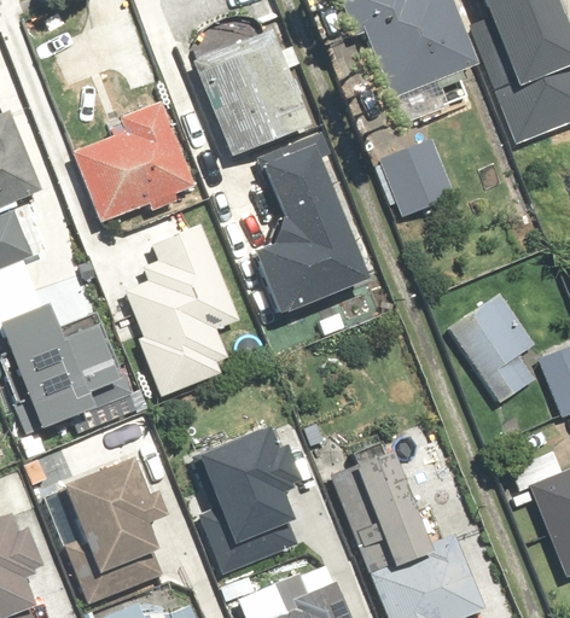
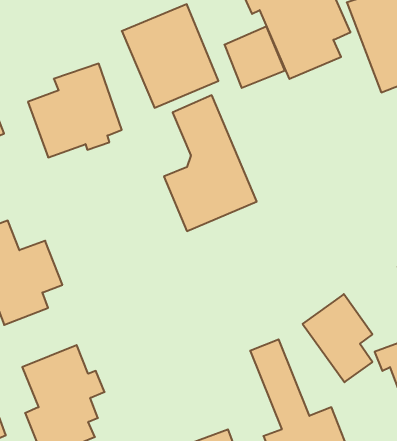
building: [378,139,454,216] -> [224,27,285,88]
building: [124,227,237,397] -> none
building: [446,293,534,404] -> [303,294,372,382]
building: [200,420,306,569] -> none

